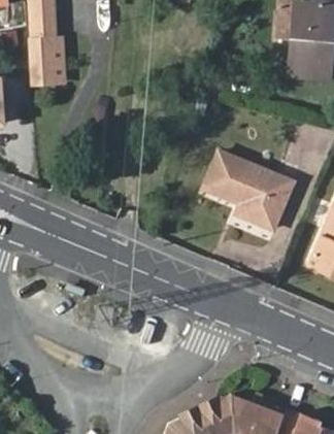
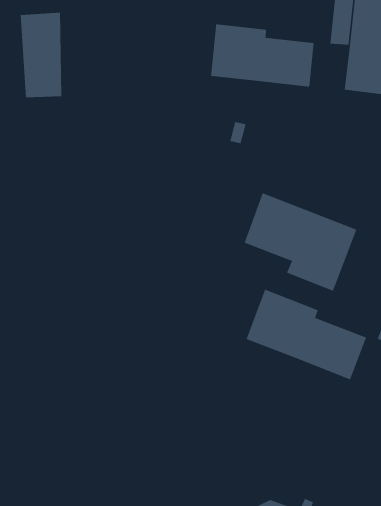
building: none -> [211,23,314,88]
building: none -> [246,289,367,380]

